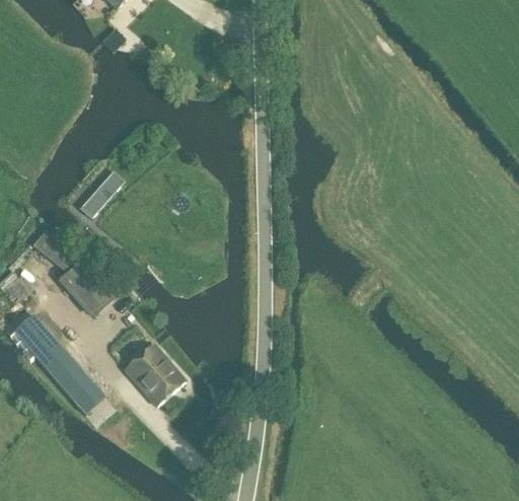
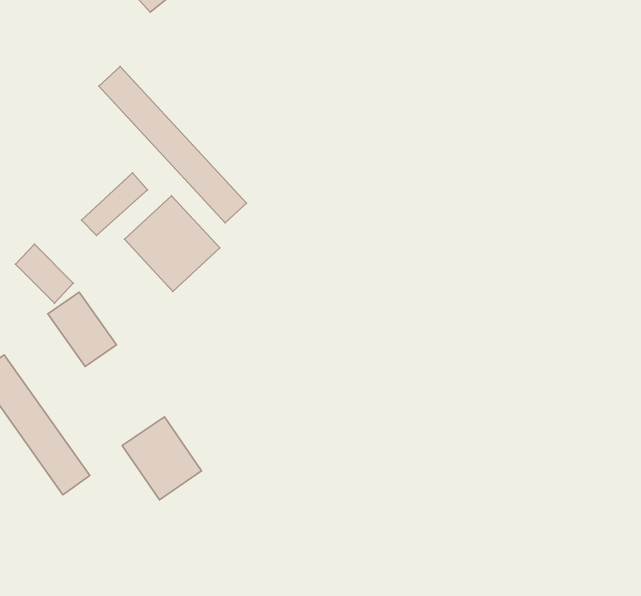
building: none -> [99,66,247,223]
building: none -> [125,196,220,292]

